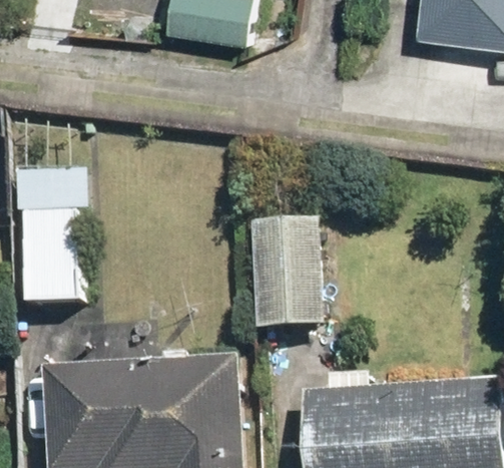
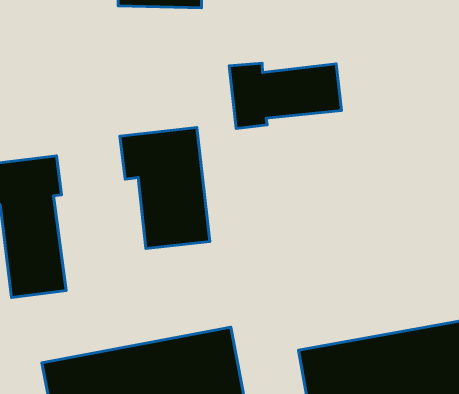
building: none -> [229,63,341,129]
building: [240,213,318,329] -> [120,127,210,249]

